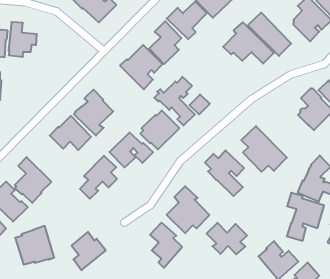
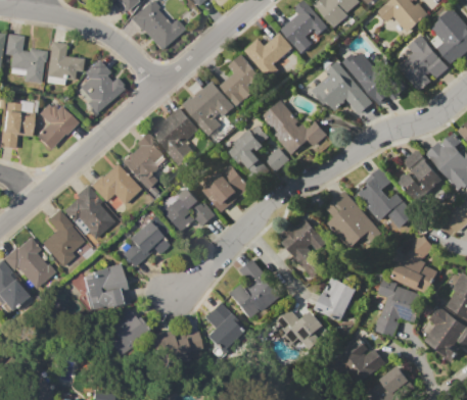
building: none -> [79,59,123,113]
building: none -> [262,99,327,153]
building: none -> [150,106,199,166]
building: none -> [36,103,77,149]
building: none -> [357,166,415,228]
building: none -> [62,184,113,238]
building: none -> [316,277,357,321]
building: [15,226,54,265] -> [82,263,129,309]
building: none -> [151,331,202,356]

